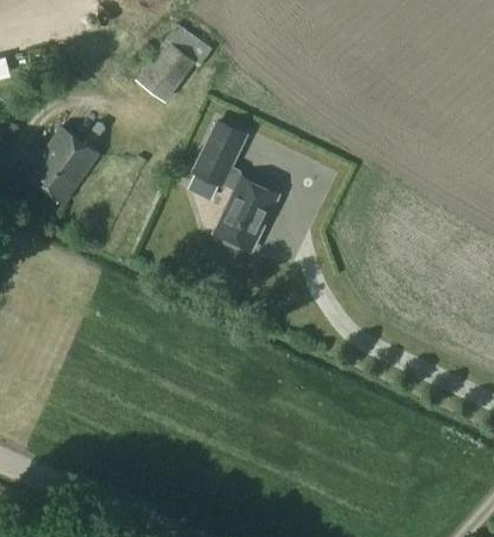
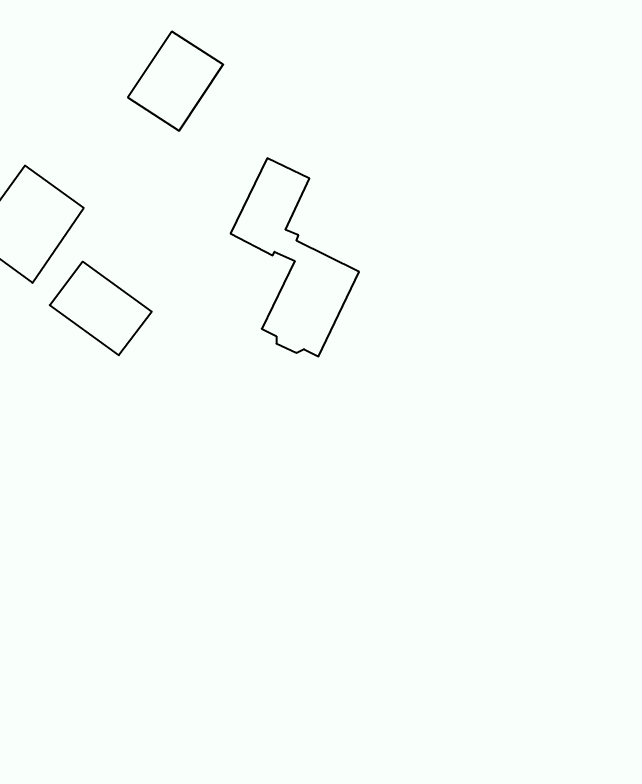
building: [166,24,212,69] -> none
building: none -> [50,262,152,355]

